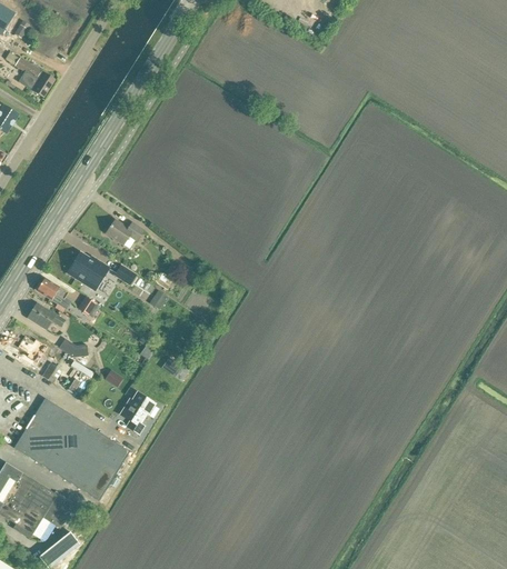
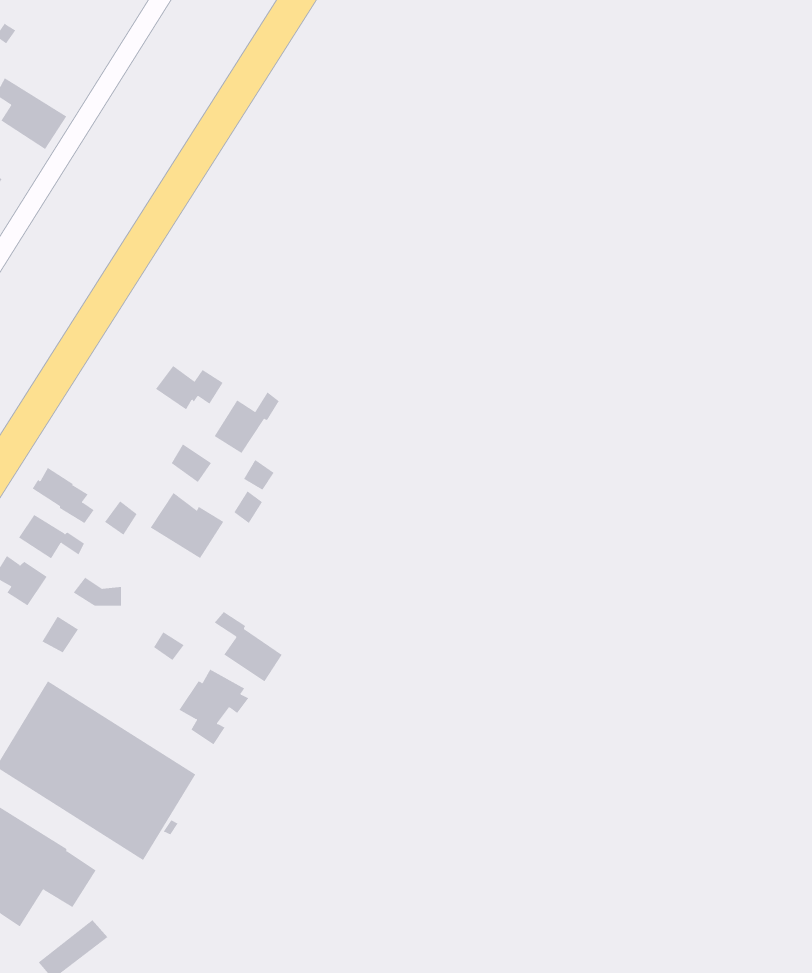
building: none -> [214,391,279,454]
building: [66,250,108,288] -> [150,492,224,559]
building: none -> [214,611,282,682]

